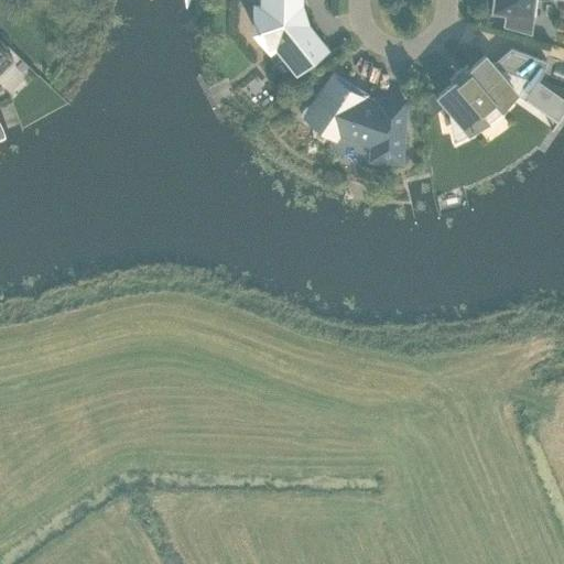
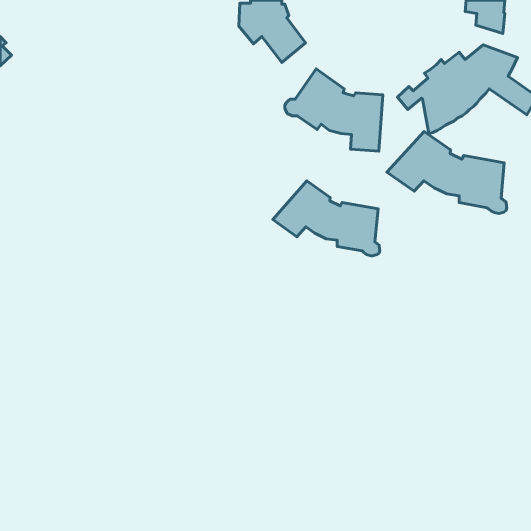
building: none -> [387,132,507,213]
building: none -> [273,181,380,256]

